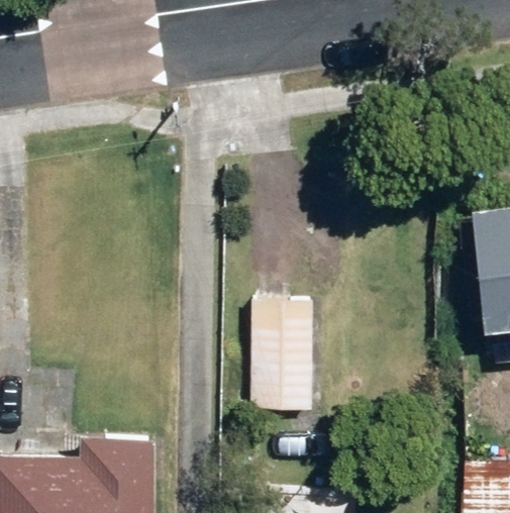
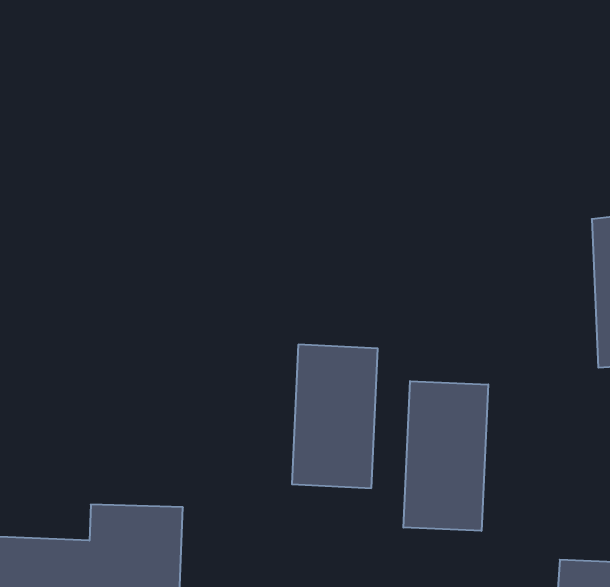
building: none -> [403,381,488,531]

